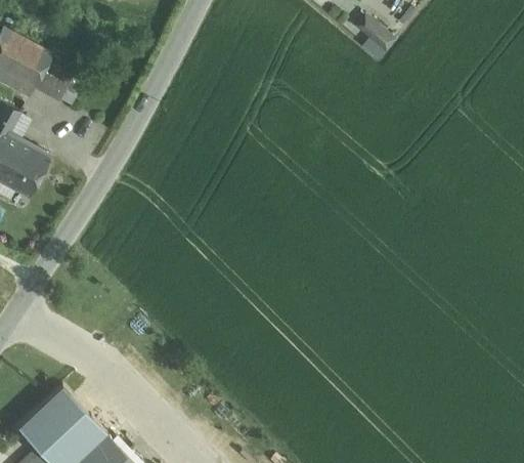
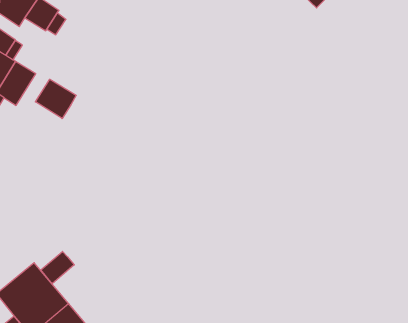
building: none -> [35,79,76,119]
building: none -> [41,251,74,284]

